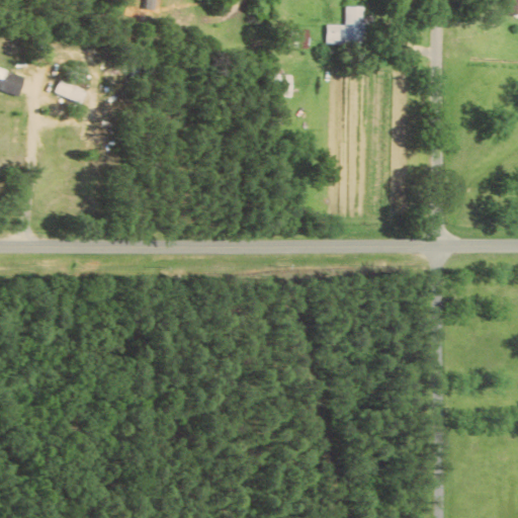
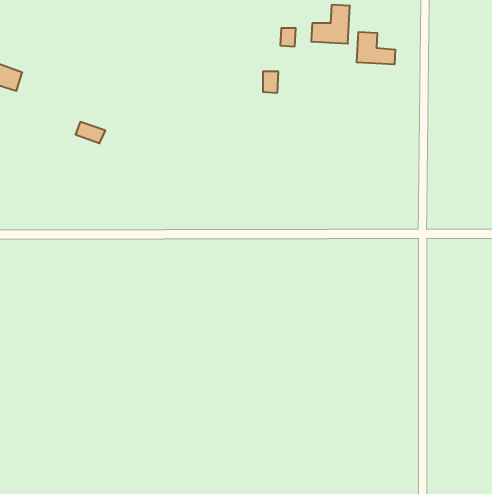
building: none -> [357,32,395,64]
building: [52,80,83,102] -> [75,122,105,143]

